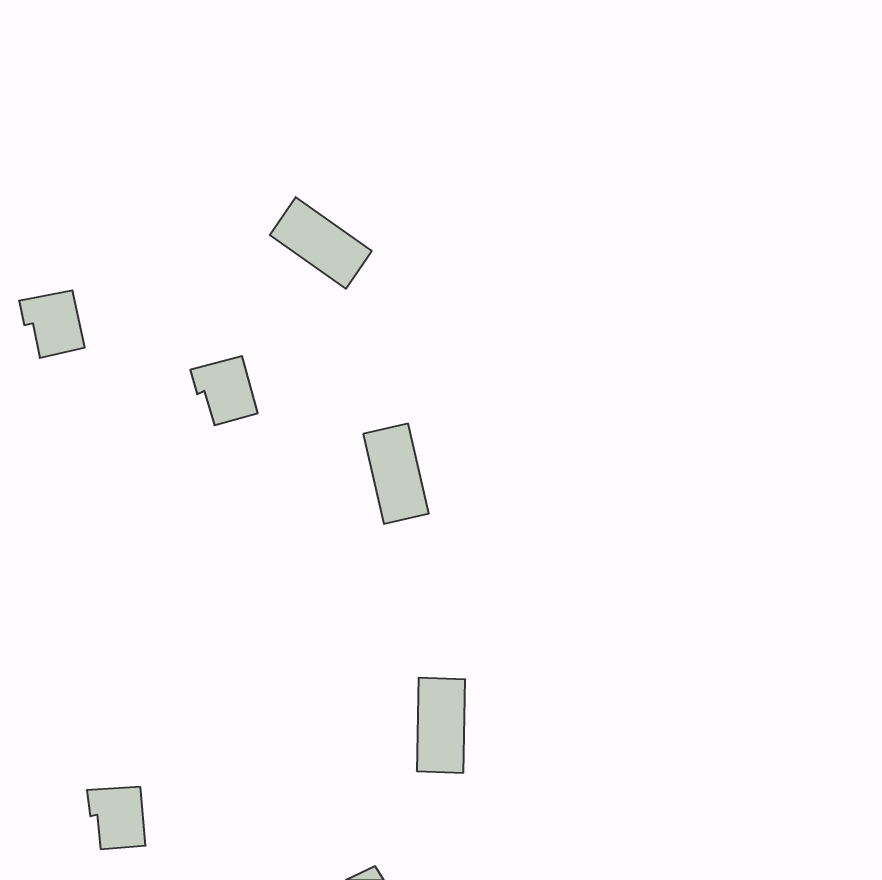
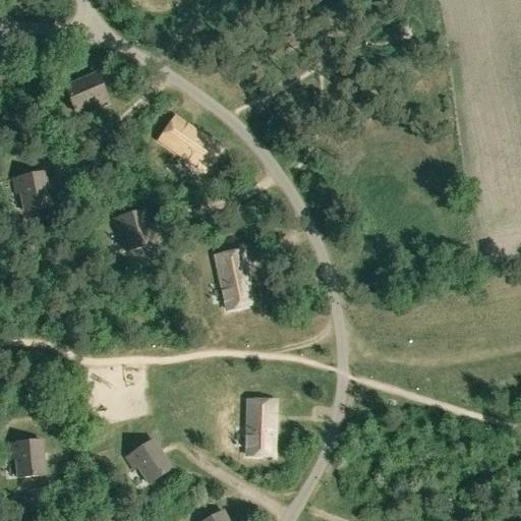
building: none -> [63,72,108,110]
building: none -> [124,439,170,482]
building: [87,787,146,849] -> [8,440,43,476]

